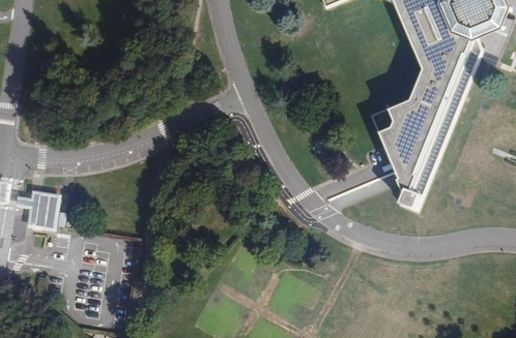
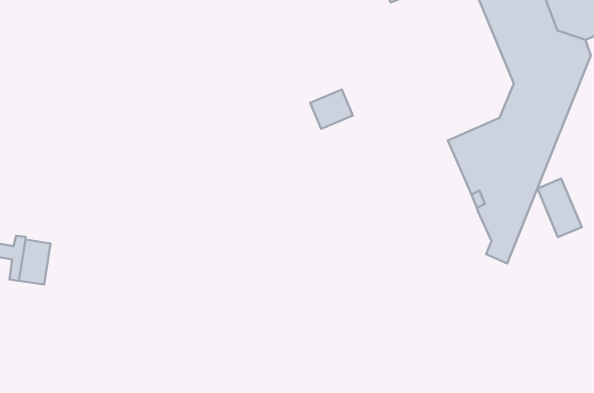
building: none -> [310,89,353,129]
building: none -> [537,179,582,237]

